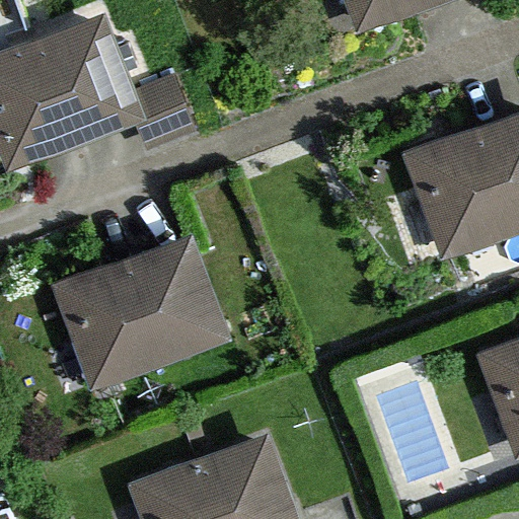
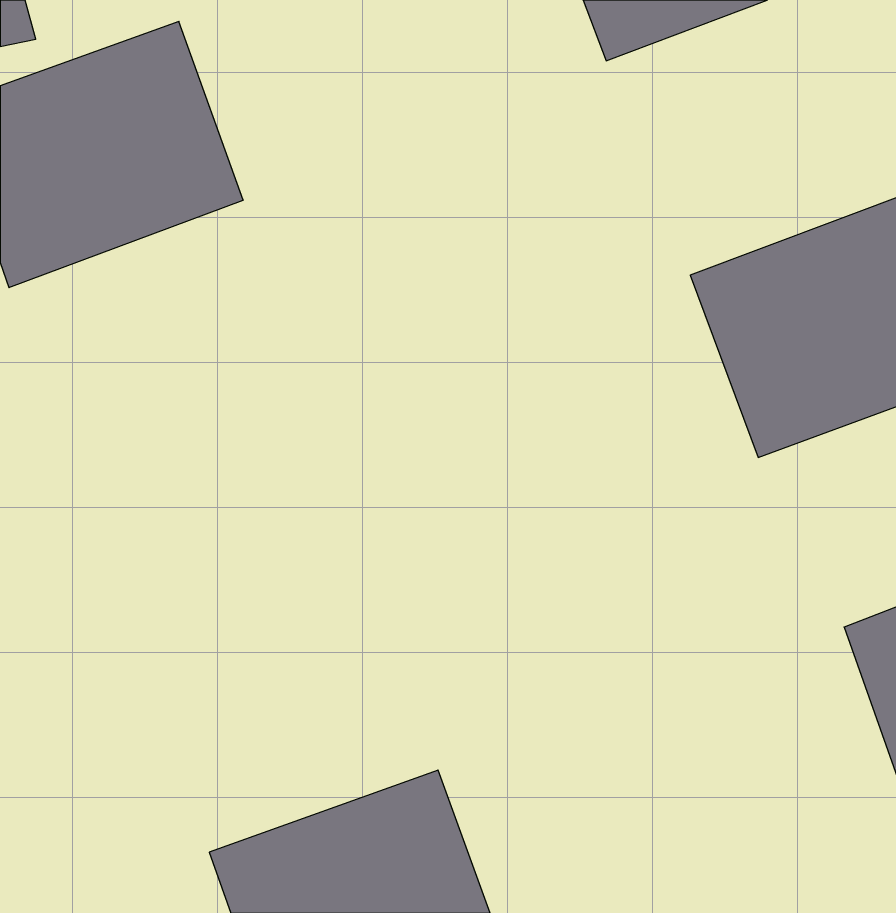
building: [51,237,222,390] -> none

